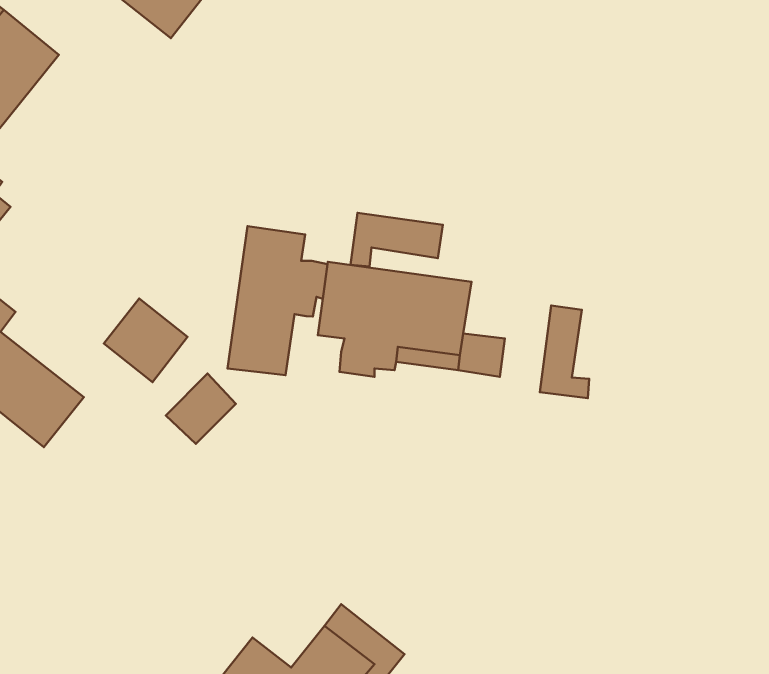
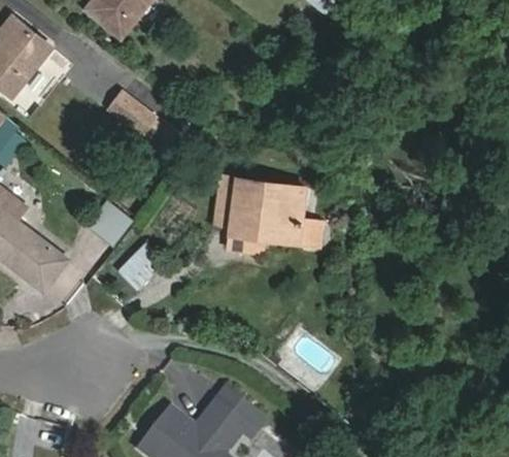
building: none -> [109,93,156,135]
building: [351,213,443,267] -> none
building: [228,226,327,375] -> none
building: [540,306,589,398] -> none

